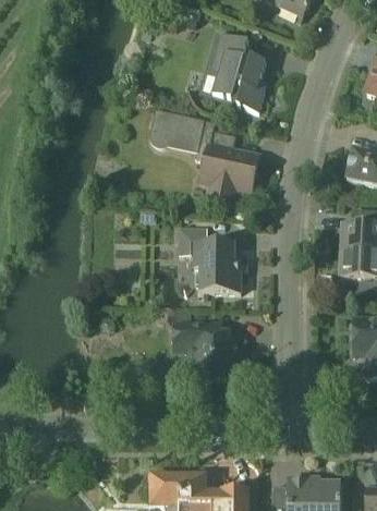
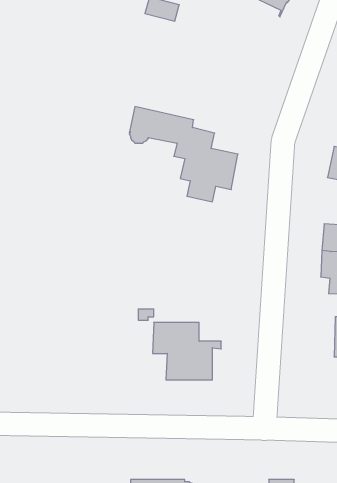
building: [206,32,265,111] -> none
building: [179,227,240,292] -> none

